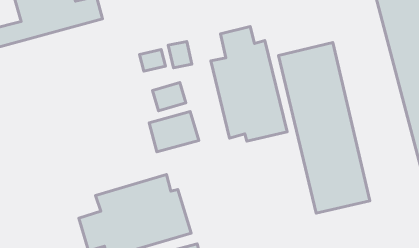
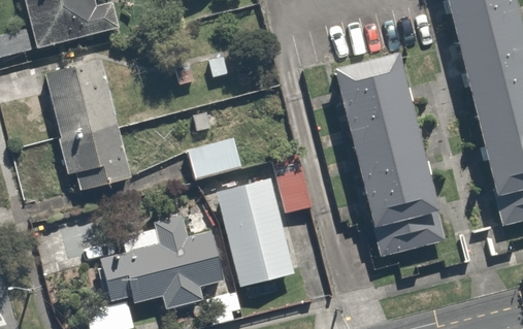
building: [211,27,287,141] -> none
building: none -> [40,59,132,191]
building: none -> [218,172,309,287]

